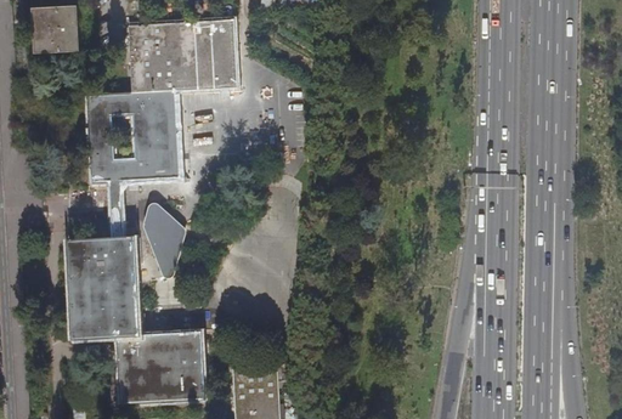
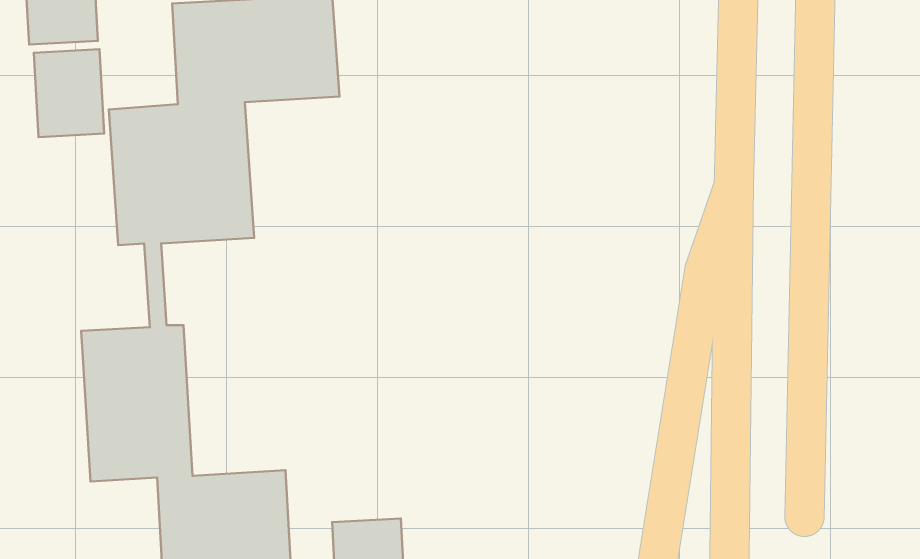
building: none -> [34,49,104,137]
building: [135,200,183,281] -> none

